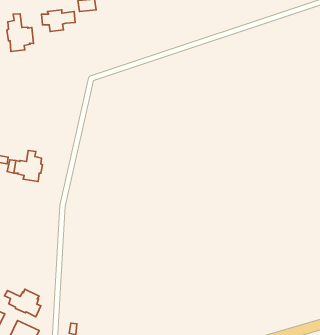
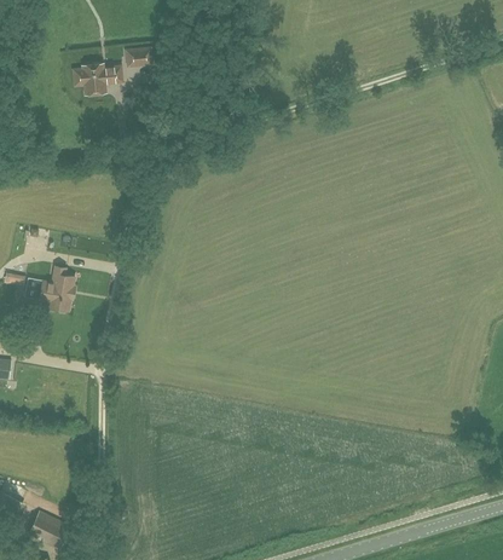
building: [7,14,33,52] -> none
building: [5,289,41,317] -> none

